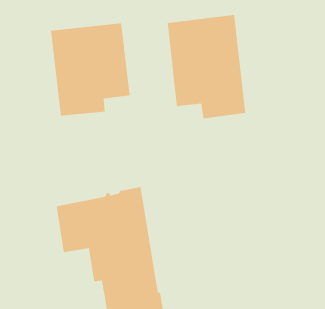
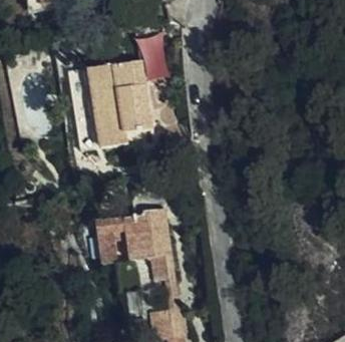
building: [167,14,246,119] -> none

